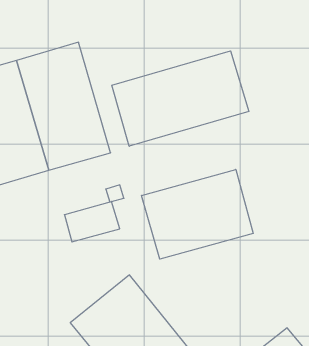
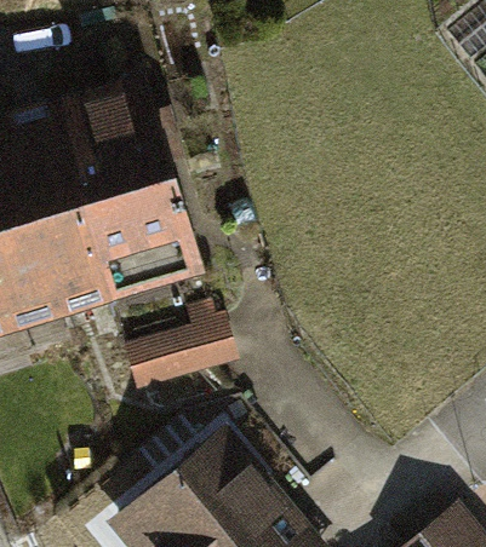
building: [112,51,249,146] -> none
building: [142,169,253,259] -> none

